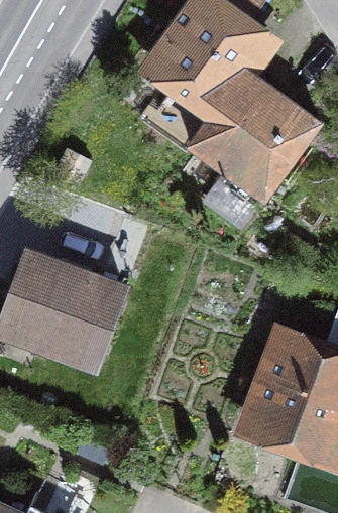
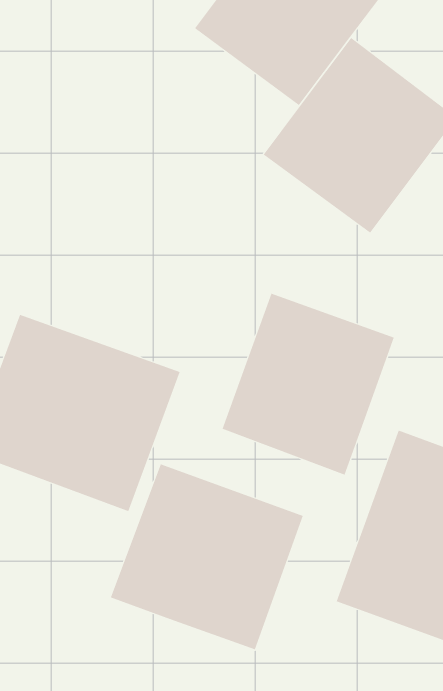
building: none -> [222,293,395,476]
building: none -> [110,463,303,650]

